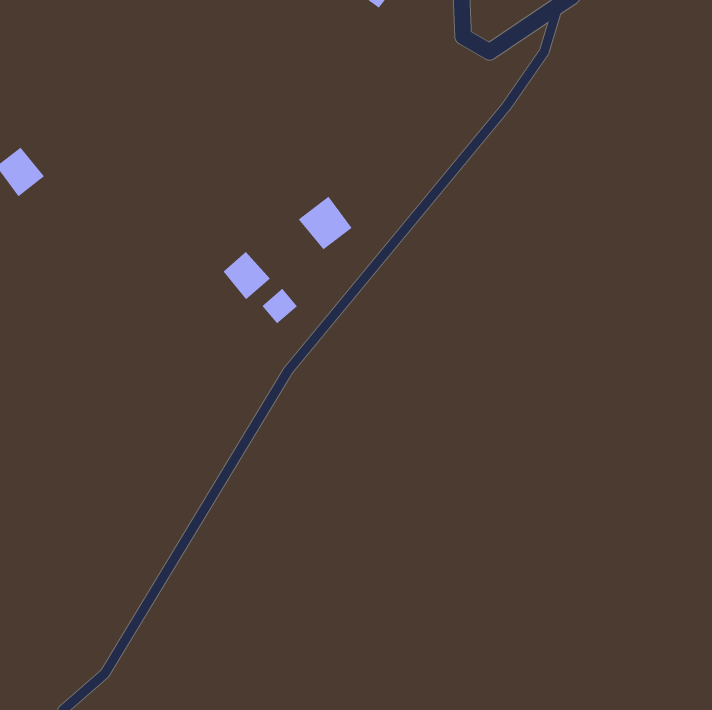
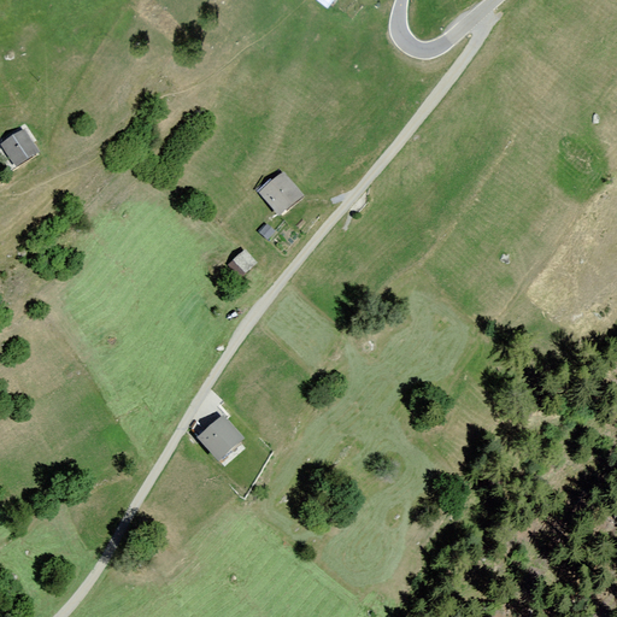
building: [223,251,271,300] -> none
building: none -> [196,413,245,460]

